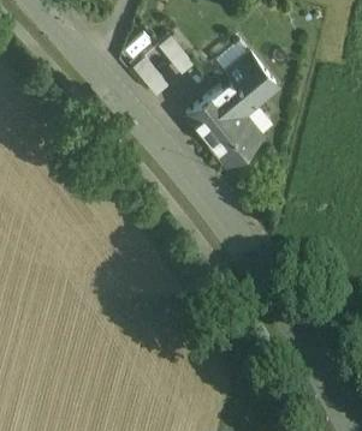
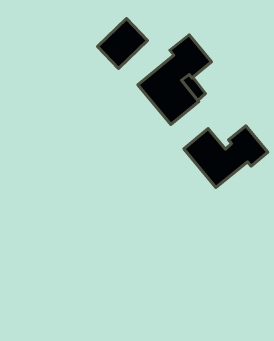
building: none -> [184,126,268,188]

